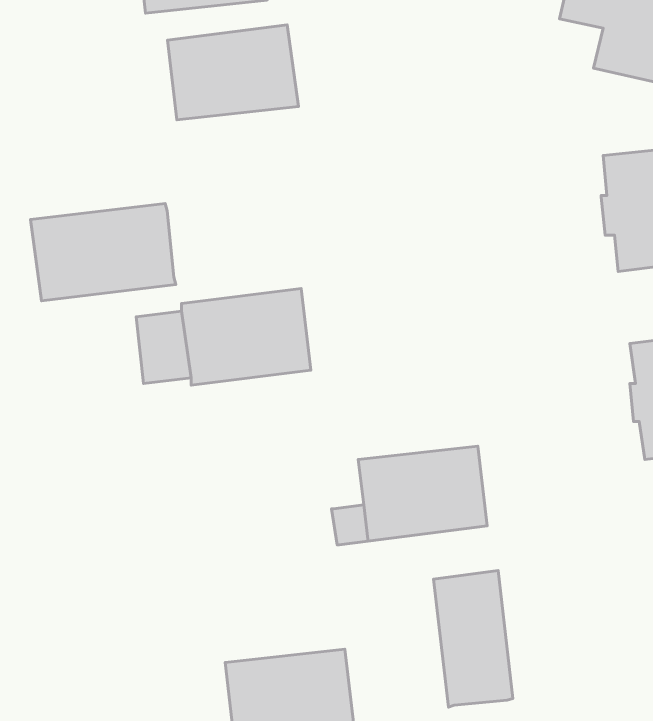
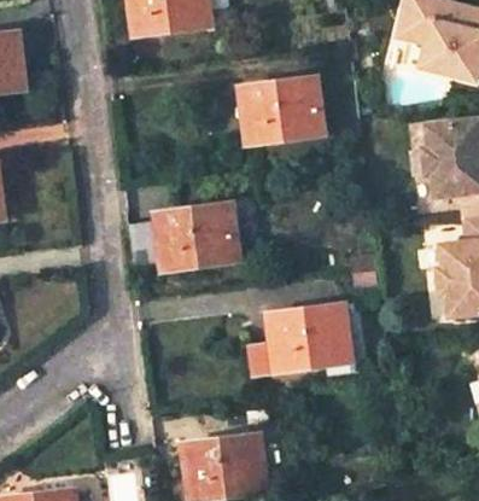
building: [167,25,298,120] -> [239,82,322,142]
building: [31,203,176,301] -> none
building: [433,571,513,707] -> none

